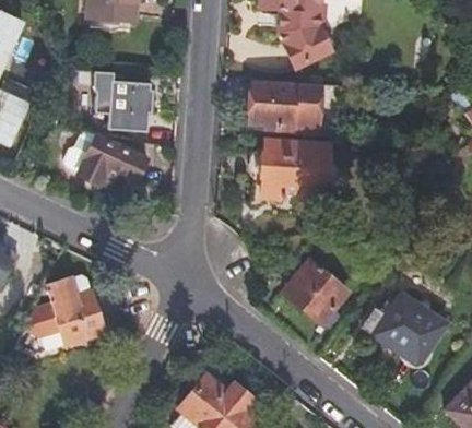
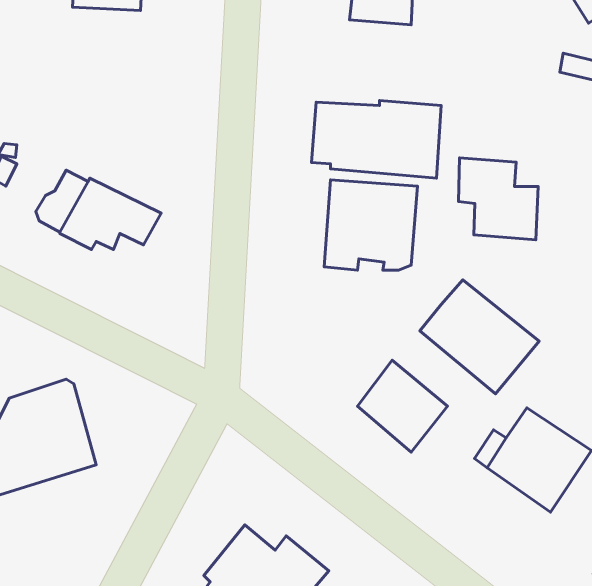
building: [278,26,333,70] -> none
building: [91,70,153,131] -> none
building: none -> [458,158,538,240]
building: none -> [420,280,539,394]

